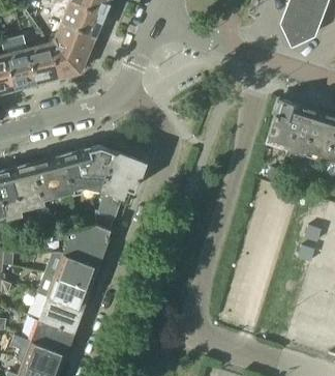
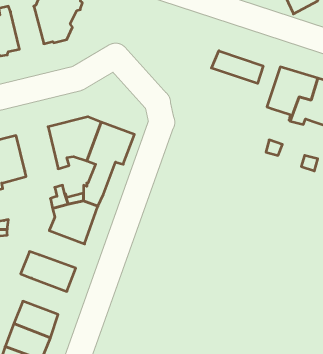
building: [28,42,59,84] -> none
building: none -> [211,51,263,83]
building: [33,155,71,197] -> none
building: [45,253,97,288] -> none
building: [39,297,81,331] -> none

